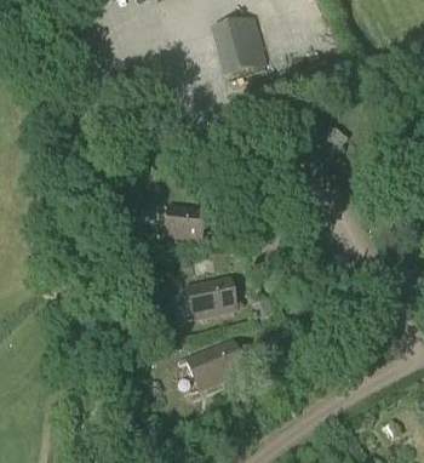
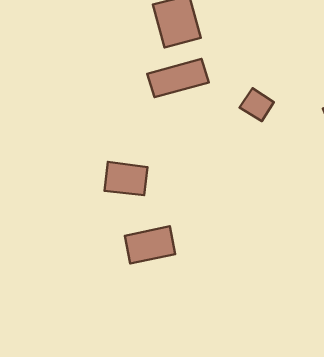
building: none -> [147,59,209,97]
building: [191,341,245,387] -> none

